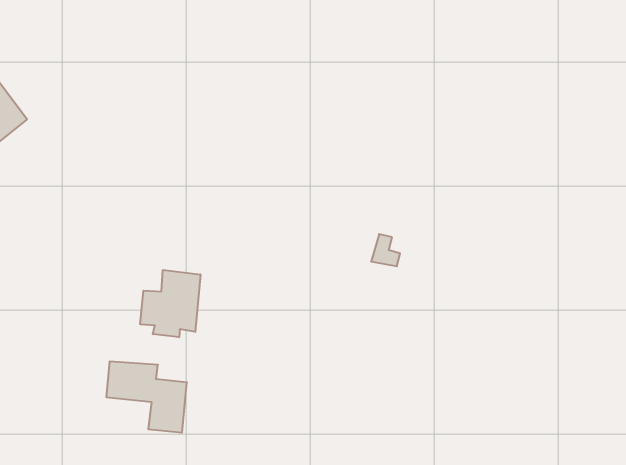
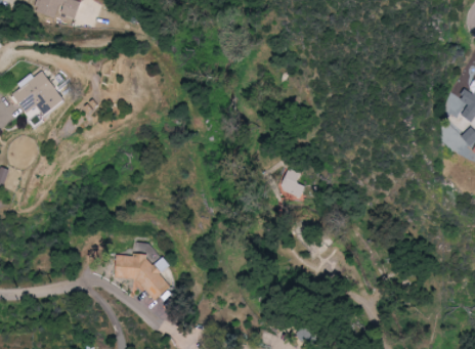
building: [140,270,200,337] -> none

